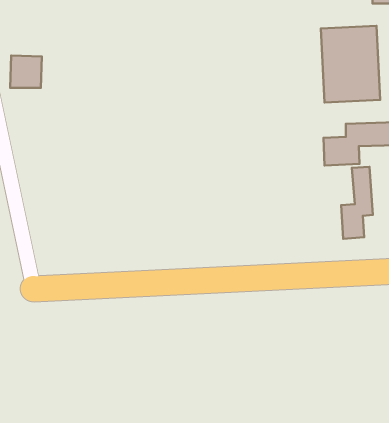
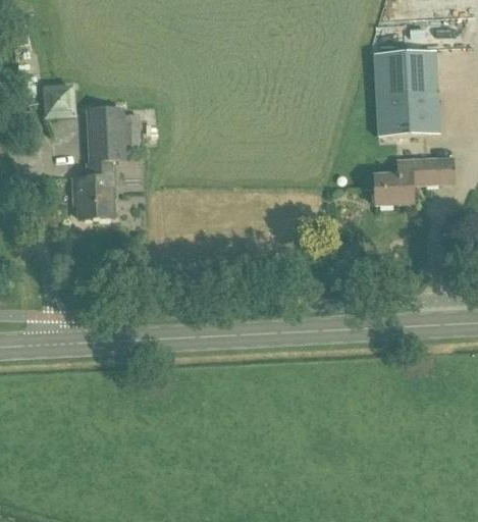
building: none -> [75,107,142,218]
building: [341,167,373,239] -> none

